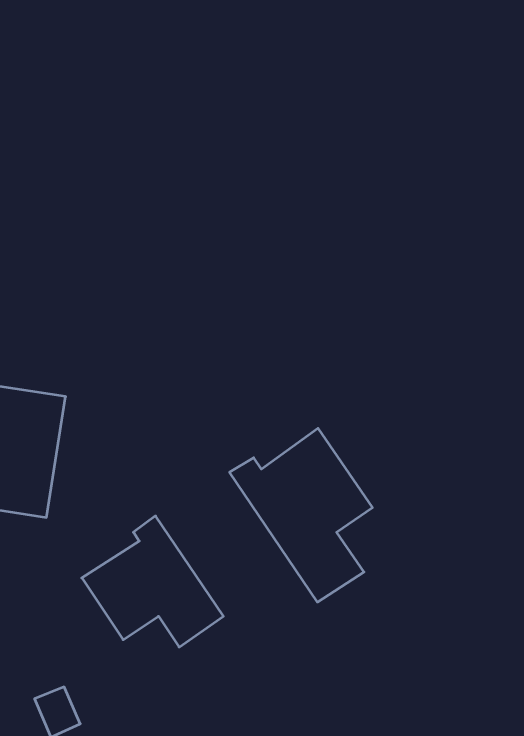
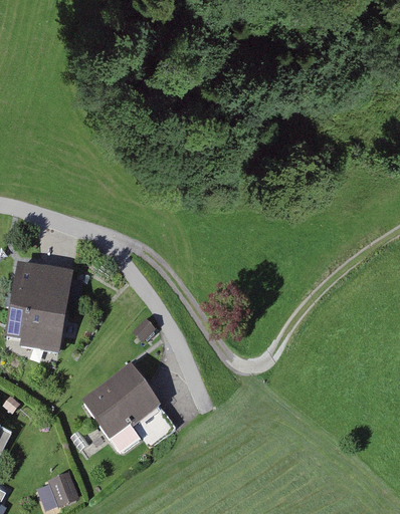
building: [230,428,372,602] -> none

